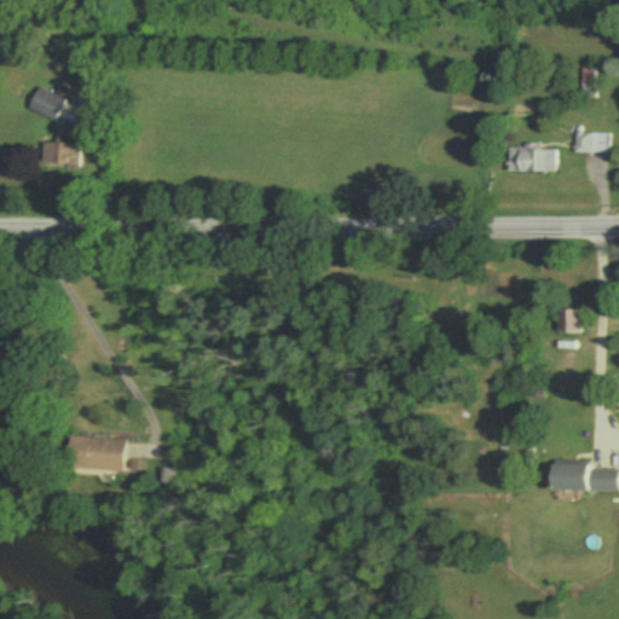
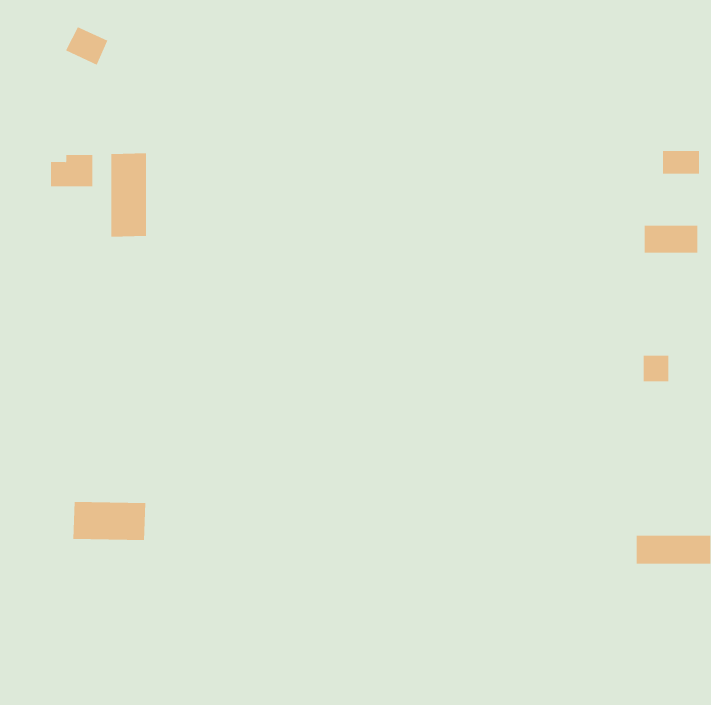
building: [28,86,65,120] -> [65,27,108,66]
building: none -> [111,153,146,237]
building: [509,146,556,170] -> [644,225,698,253]

